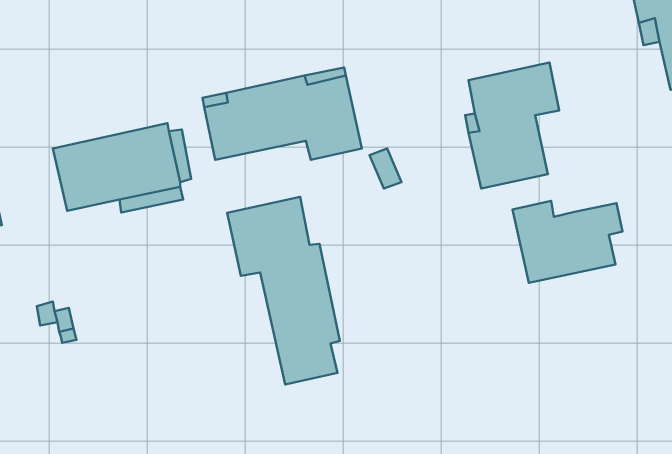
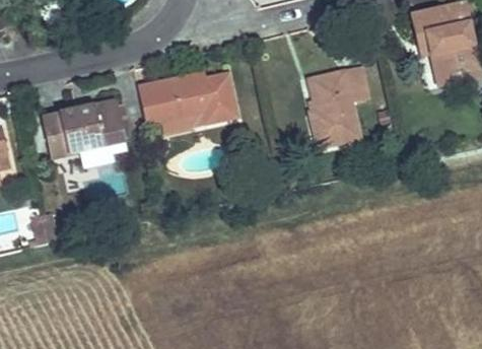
building: [227,197,340,385] -> none
building: [512,201,622,283] -> none

